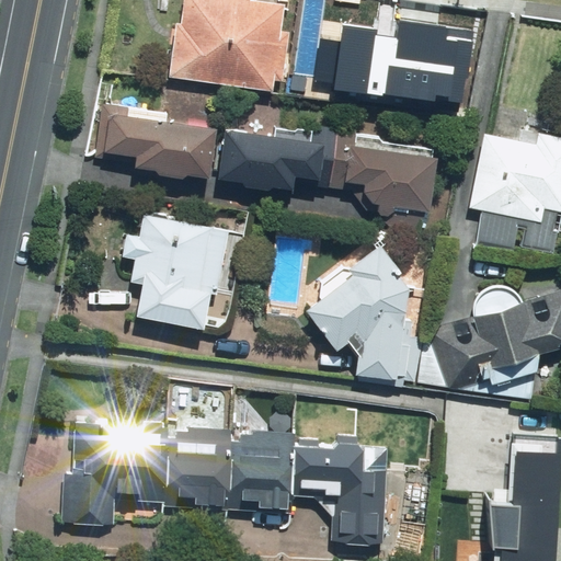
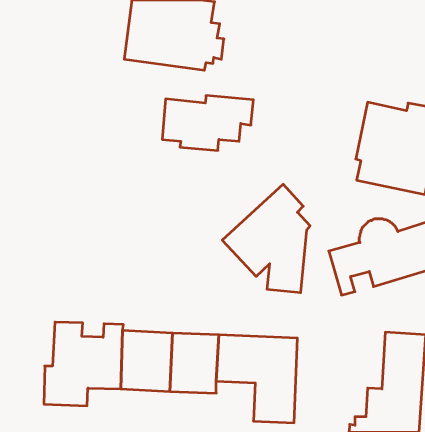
building: [320,20,482,110] -> none
building: [101,102,217,182] -> none
building: [332,127,444,219] -> none
building: [123,215,232,332] -> none

